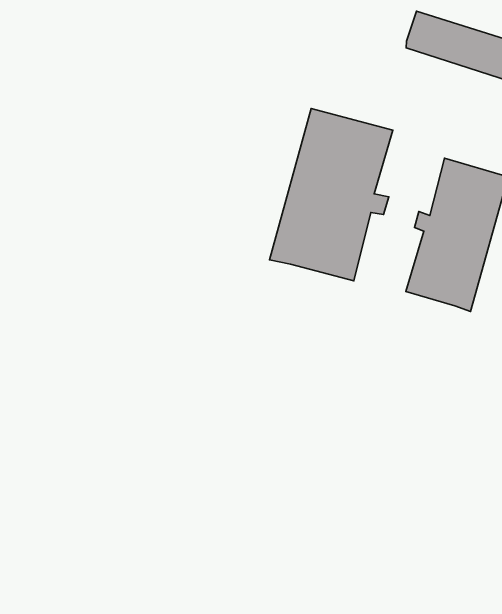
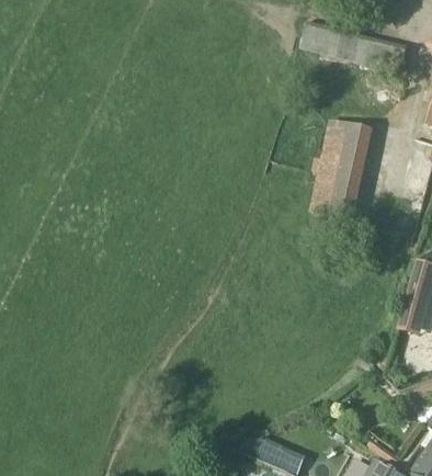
building: [269,109,393,281] -> none

